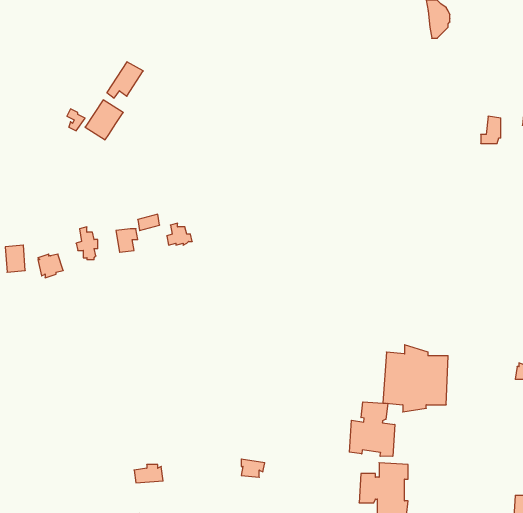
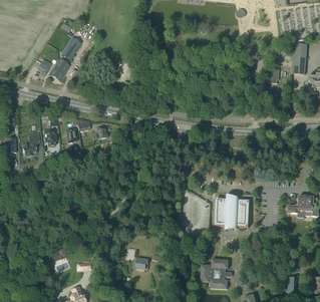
building: [349,402,395,456] -> none

